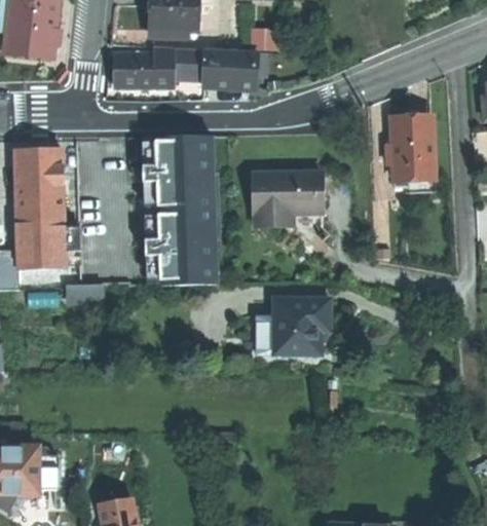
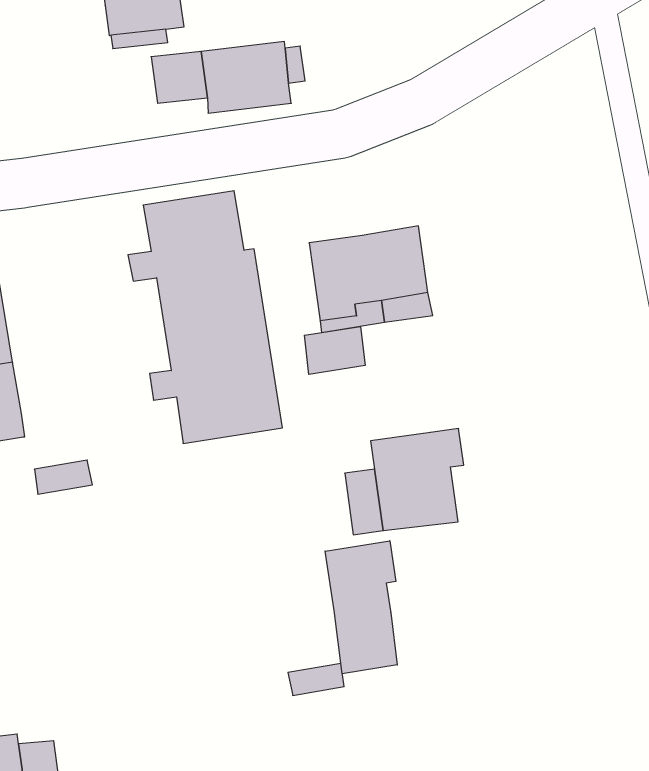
building: [114,47,173,86] -> none
building: [389,120,433,178] -> none
building: none -> [304,326,365,374]
building: none -> [325,541,397,674]

